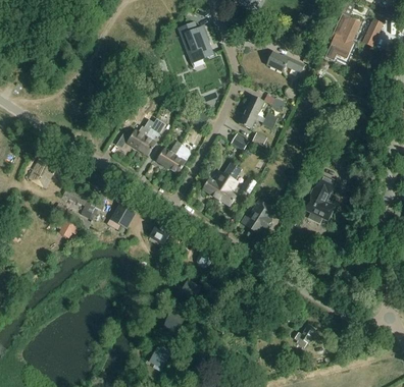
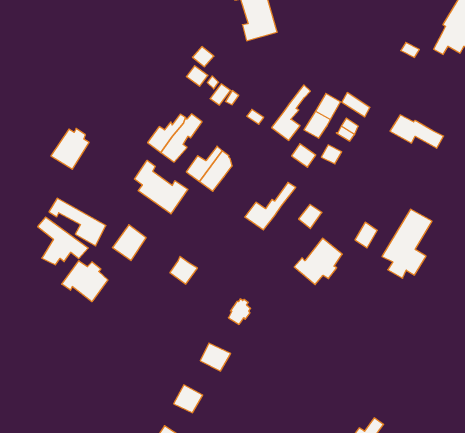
building: [266,52,305,73] -> [390,115,444,148]
building: none -> [134,160,188,214]
building: [29,158,55,187] -> [51,128,89,169]
building: [216,165,242,206] -> [272,85,310,140]
building: none -> [62,261,108,302]

